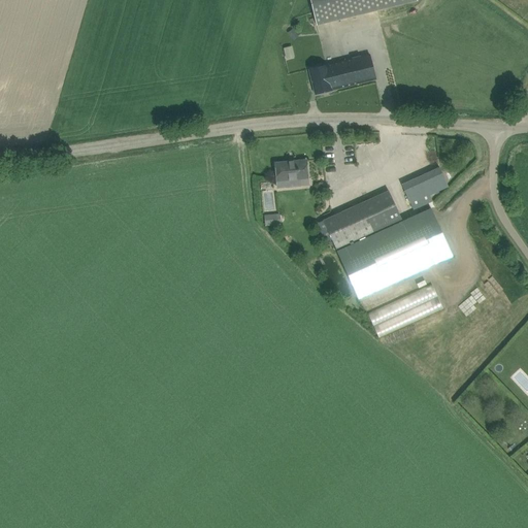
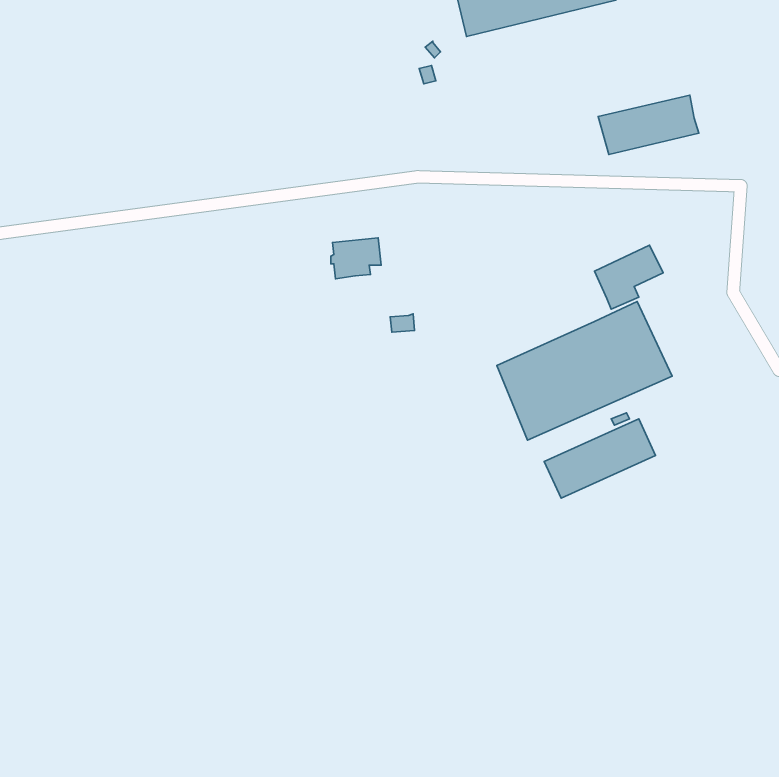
building: [308,53,376,93] -> [598,95,699,155]
building: [274,159,308,187] -> [331,238,381,279]
building: [318,190,402,248] -> none

